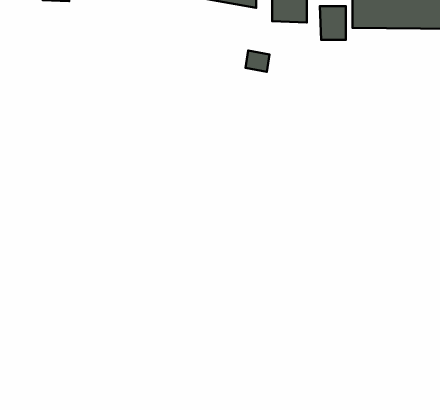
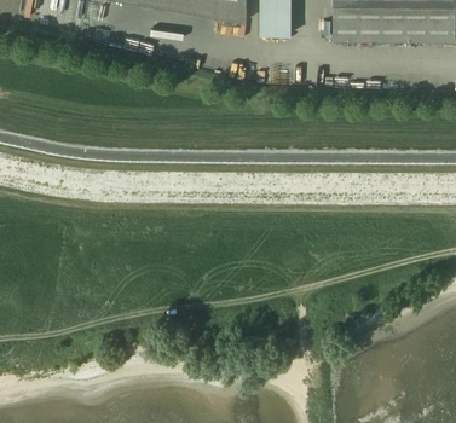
building: [320,6,346,40] -> none

